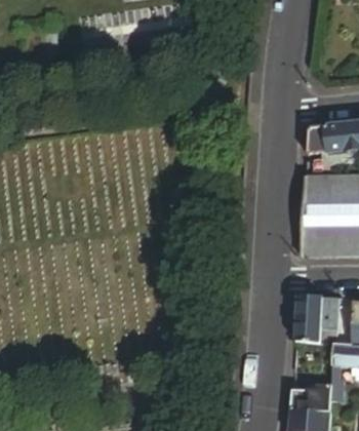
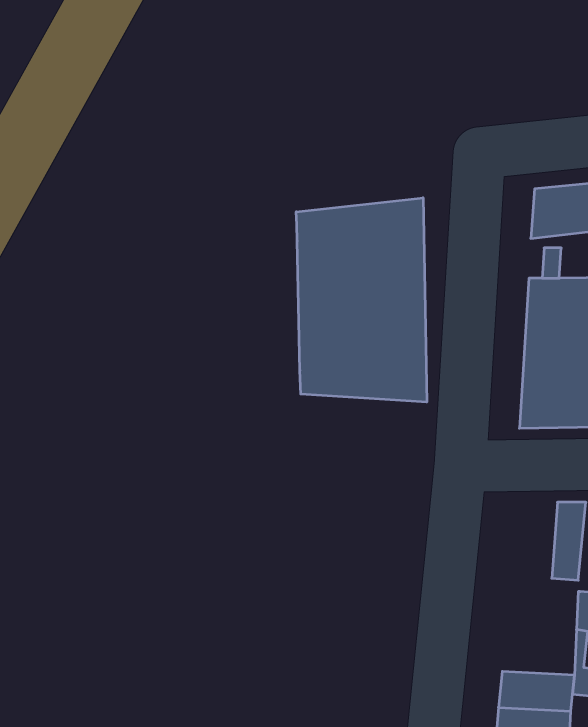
building: none -> [296,198,427,402]
building: [294,297,321,344] -> none

